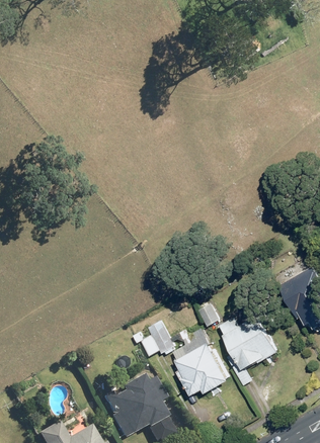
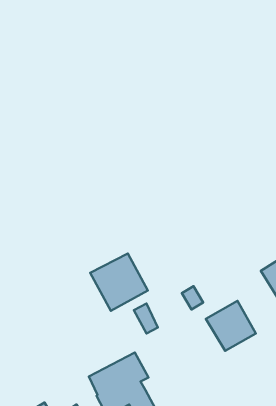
building: none -> [90,254,148,311]
building: [171,343,227,400] -> none

